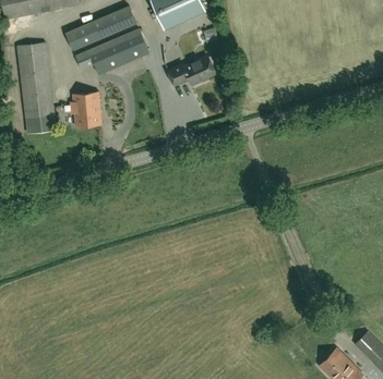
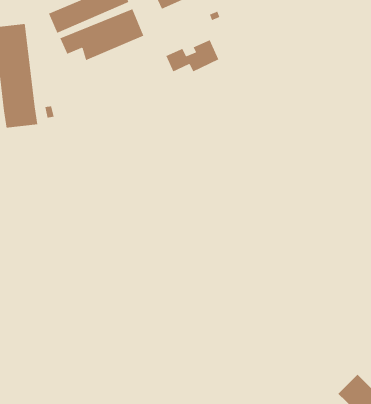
building: [70,93,101,126] -> none

